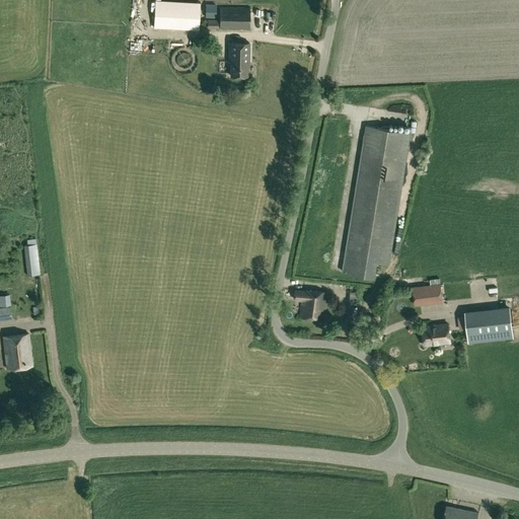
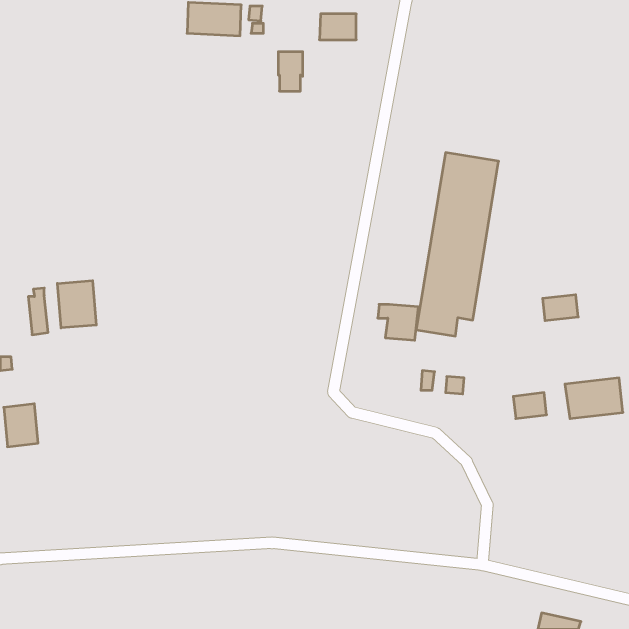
building: [219,7,249,28] -> [319,14,356,40]
building: none -> [57,281,96,328]
building: [413,284,442,305] -> [543,295,578,321]
building: [294,290,327,319] -> [378,304,418,340]

